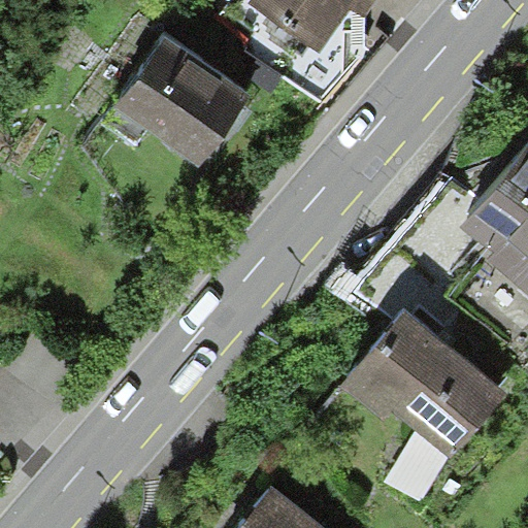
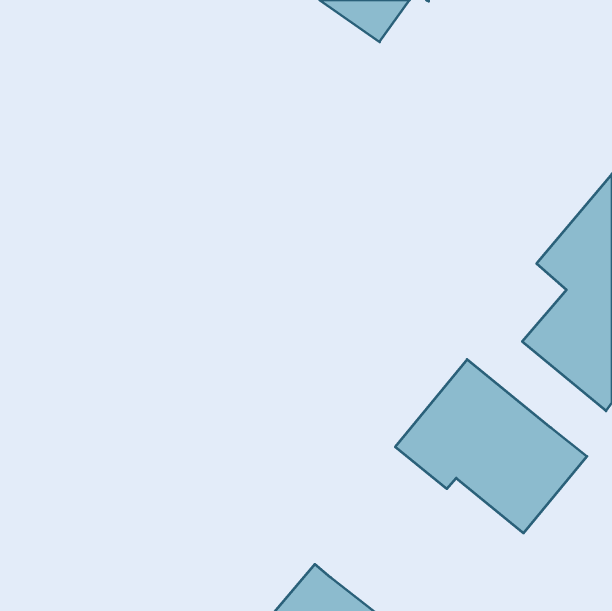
building: [126,33,254,158] -> none

